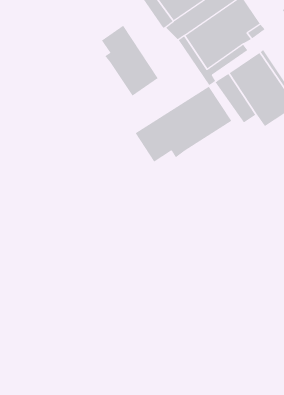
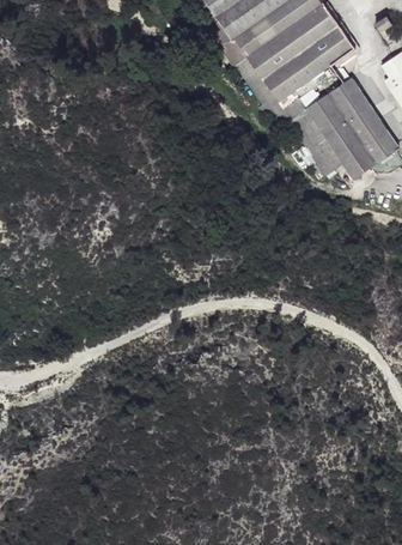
building: [101,25,159,96] -> none
building: [135,86,232,163] -> none

